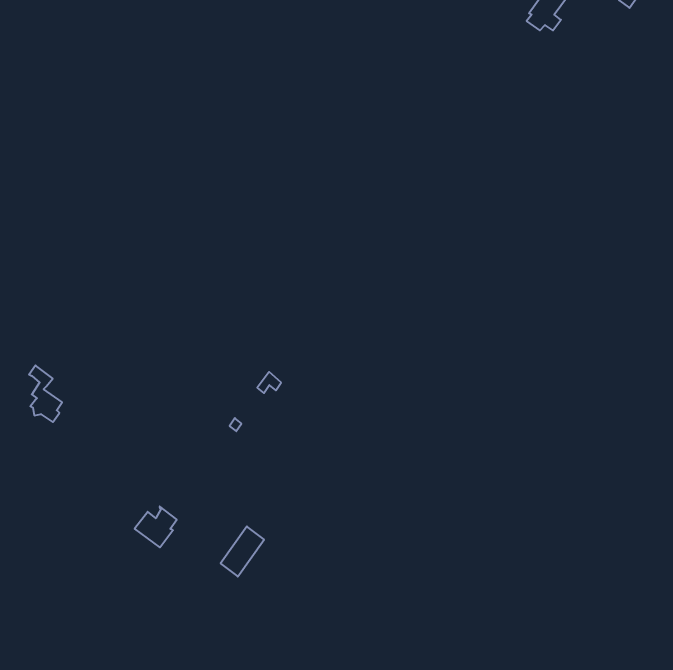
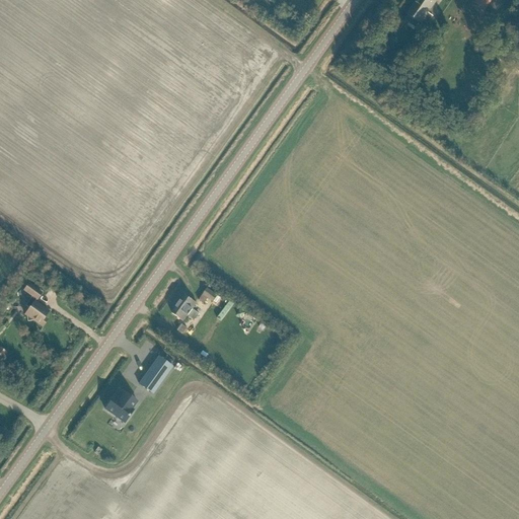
building: none -> [170,293,198,319]
building: [221,526,264,577] -> [138,354,171,392]

